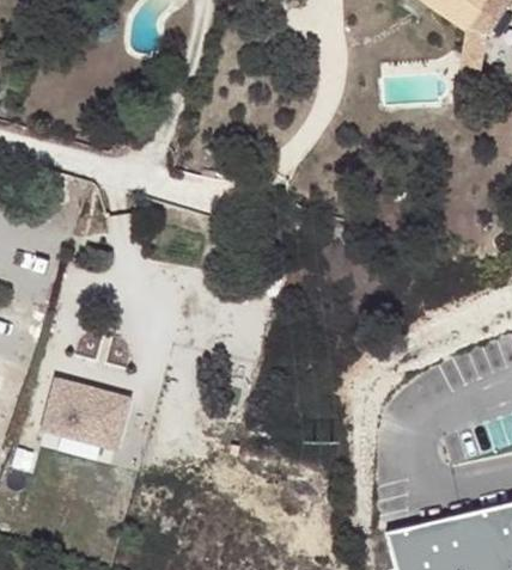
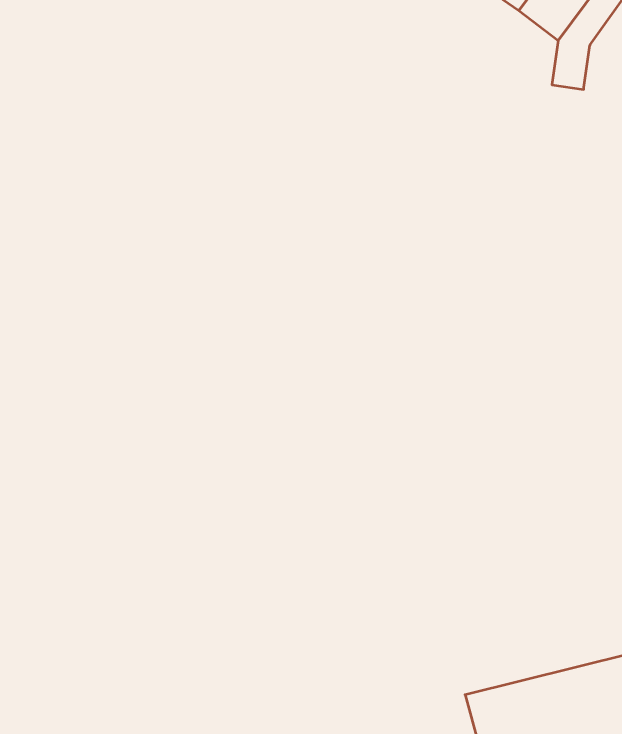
building: [45,382,135,454] -> none

